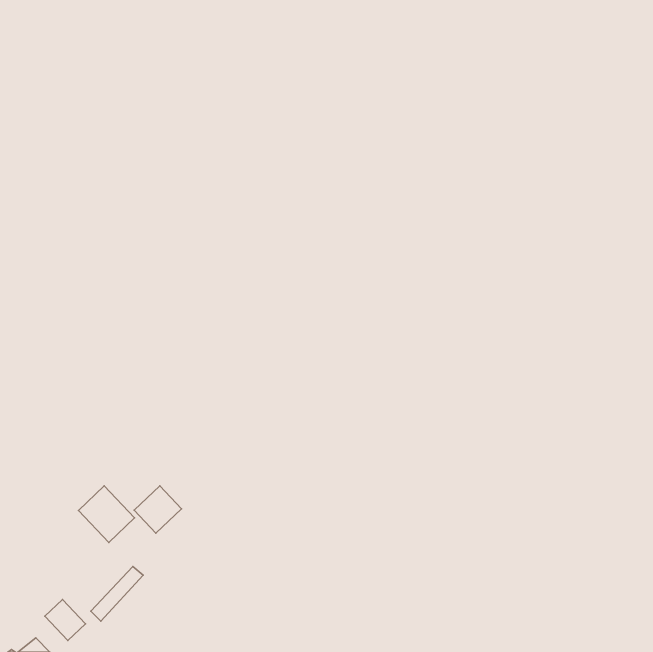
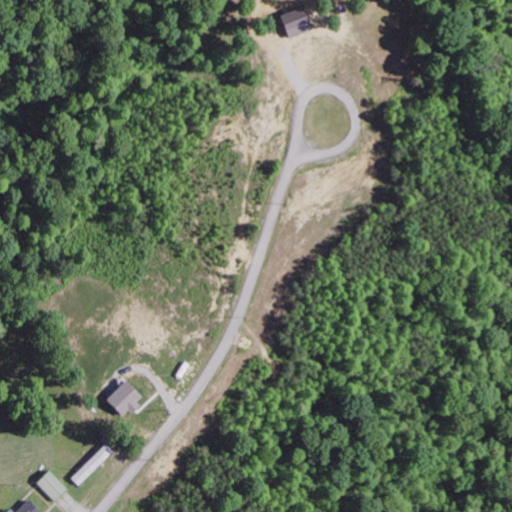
building: none -> [278,6,310,38]
building: [78,486,135,542] -> none

